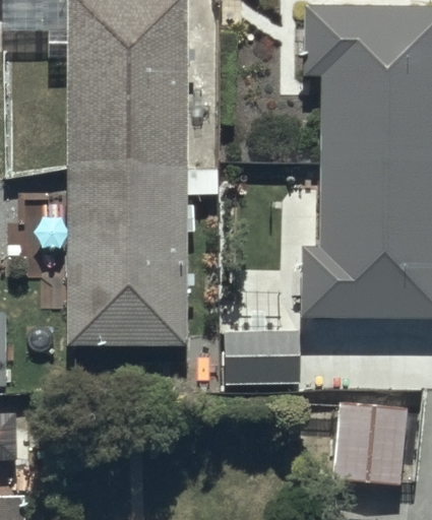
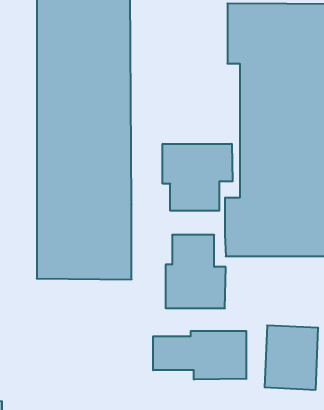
building: none -> [163,144,233,211]
building: none -> [153,331,246,380]

